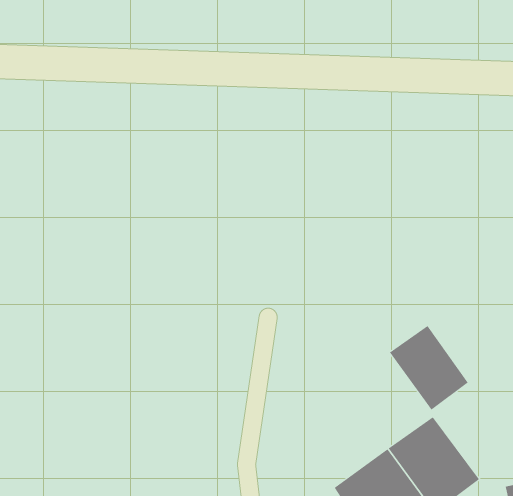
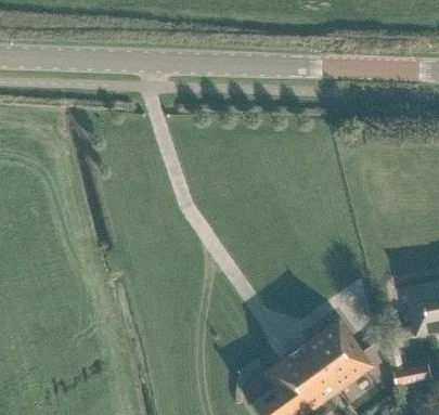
building: [389,325,469,411] -> none

